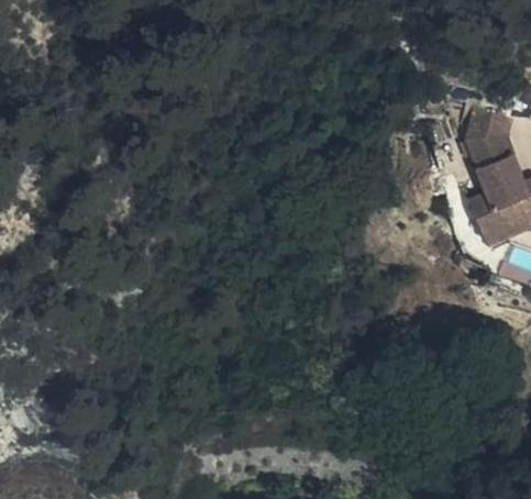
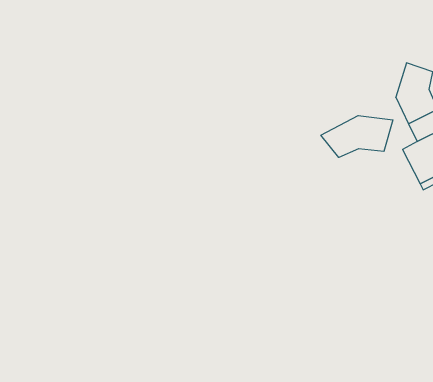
building: none -> [321,116,393,157]

